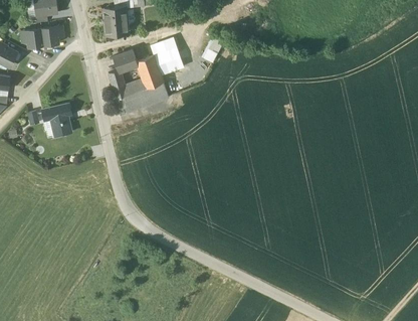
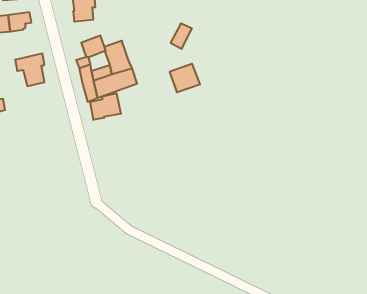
building: [154,46,184,74] -> [170,64,200,92]
building: [42,104,71,136] -> [15,54,44,86]
building: none -> [90,93,121,120]

